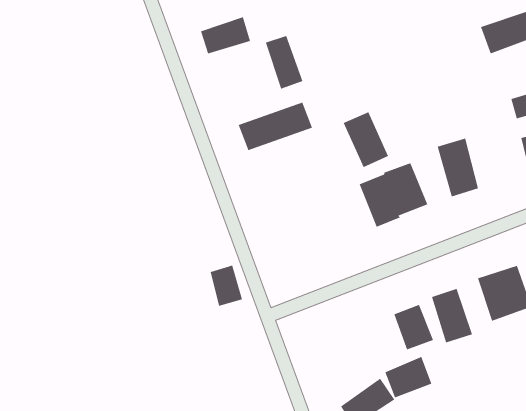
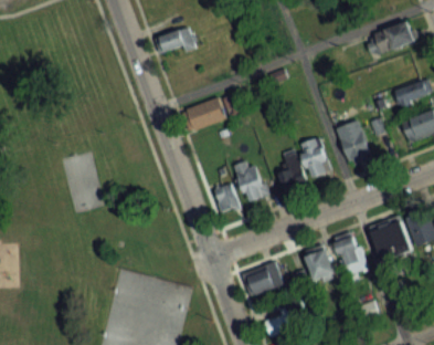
building: [265,35,303,89] -> none
building: [343,111,389,168] -> [232,160,267,203]
building: [210,265,243,307] -> [213,182,239,215]
building: [384,356,432,398] -> [246,264,283,296]

